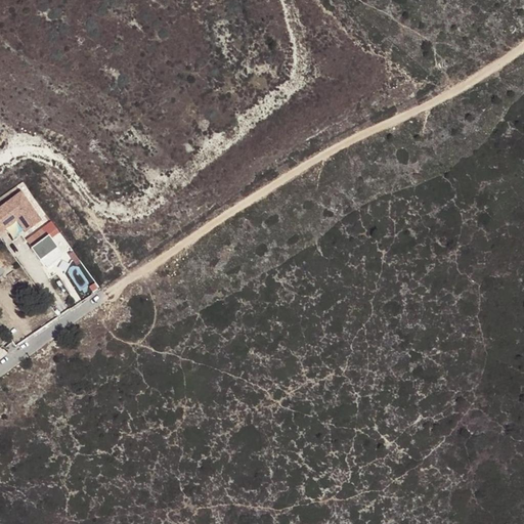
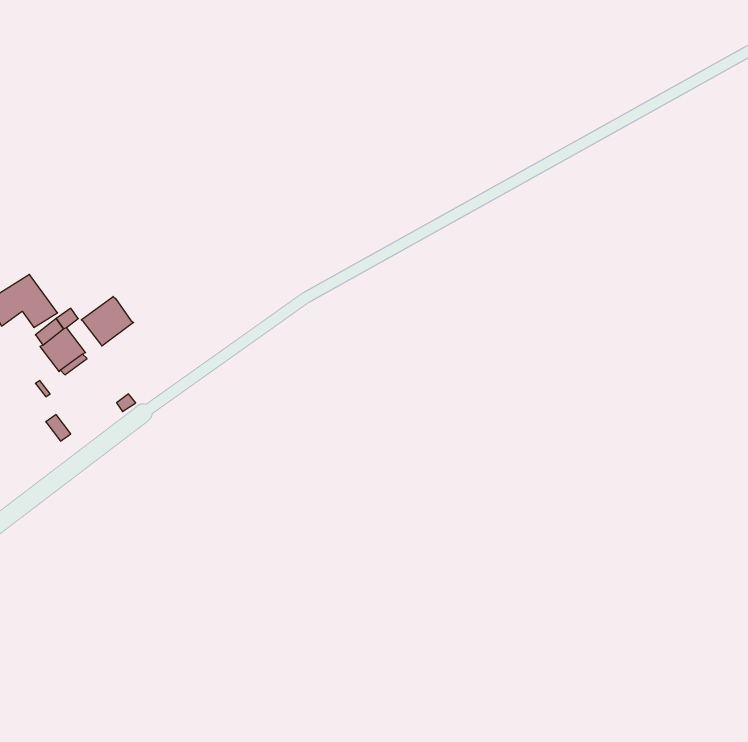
building: none -> [81,296,134,346]

